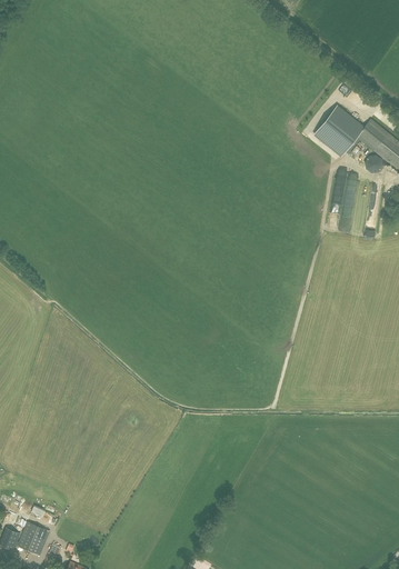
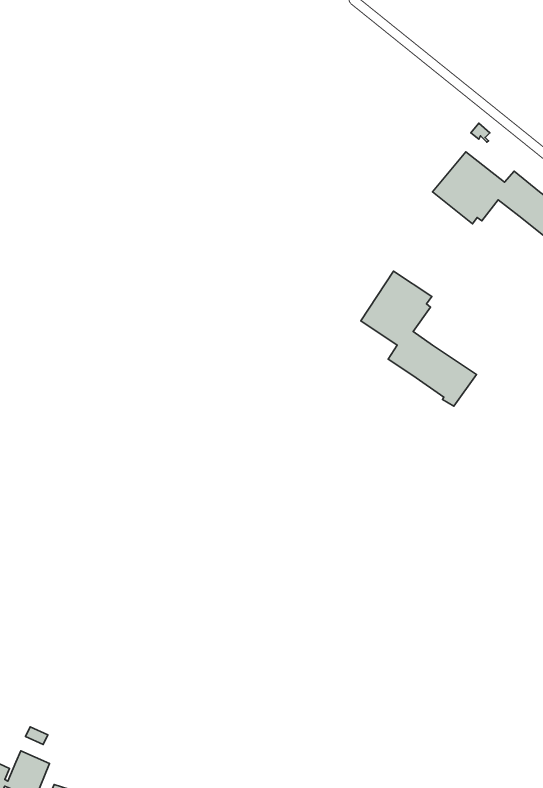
building: none -> [361,271,477,406]

